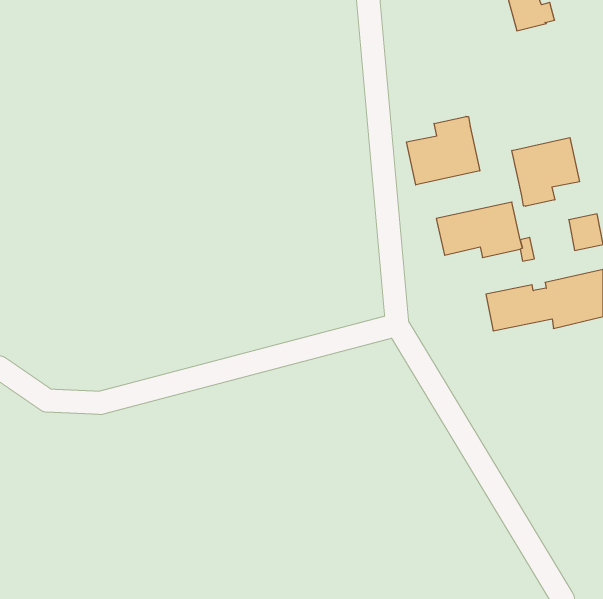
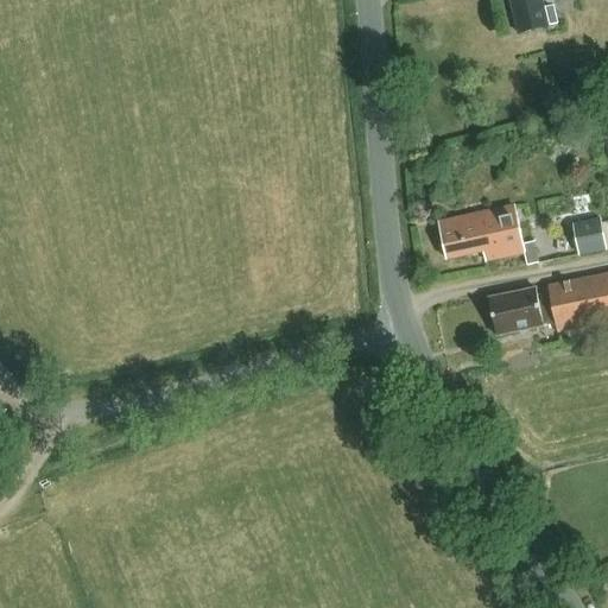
building: [407,116,480,185] -> none
building: [512,138,579,206] -> none

